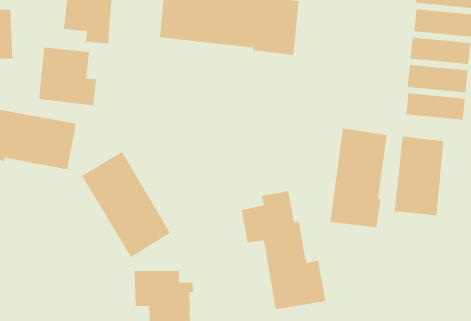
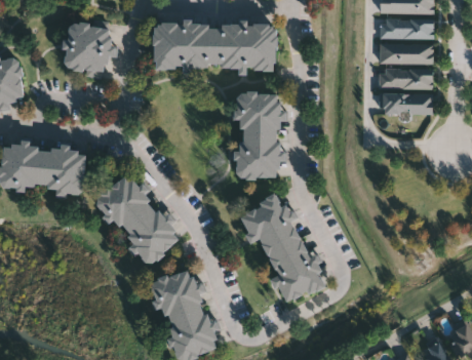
building: [39,47,96,106] -> none
building: [329,128,387,228] -> [236,92,280,178]
building: [394,136,444,216] -> none

